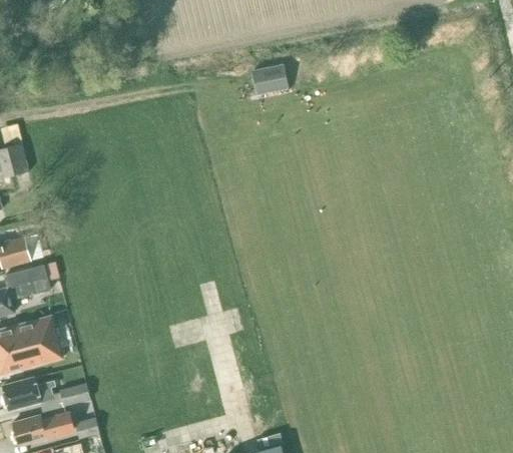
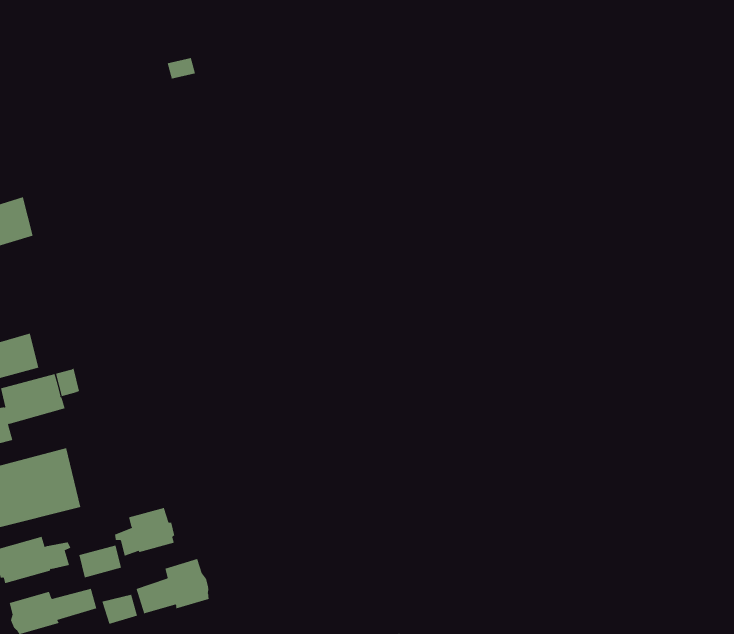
building: [251,63,289,95] -> none
building: none -> [115,507,175,556]
building: none -> [136,558,209,614]

